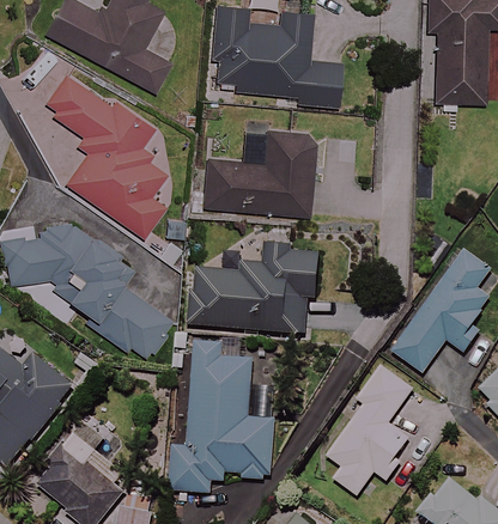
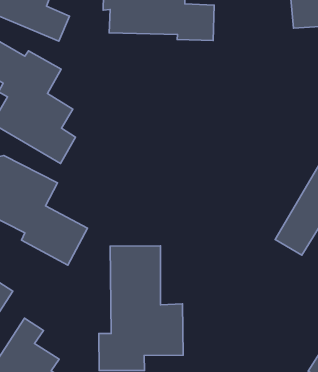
building: [204,133,316,214] -> none
building: [186,244,322,333] -> none
building: [326,366,409,494] -> none

